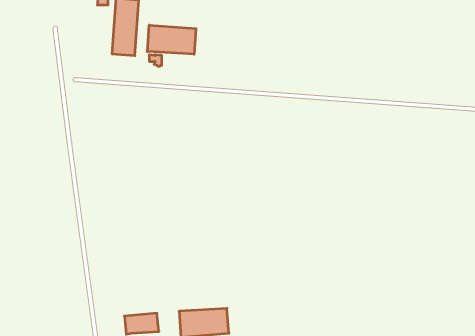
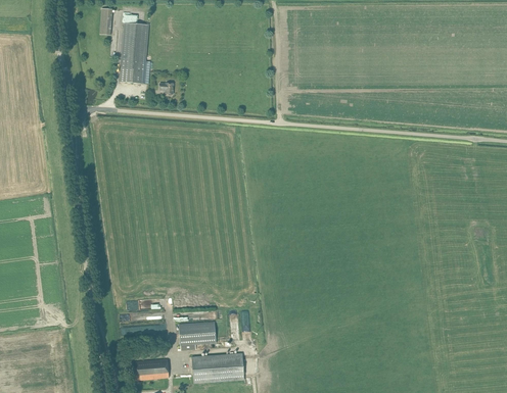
building: [147,25,196,54] -> none
building: none -> [178,321,216,345]

